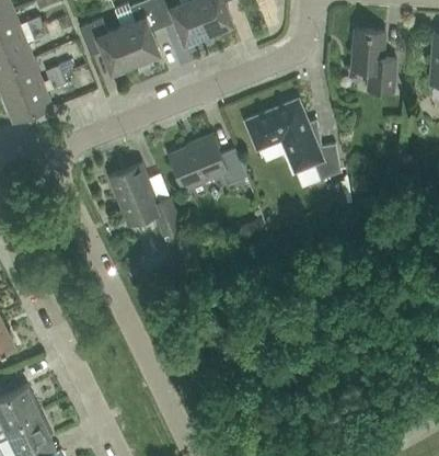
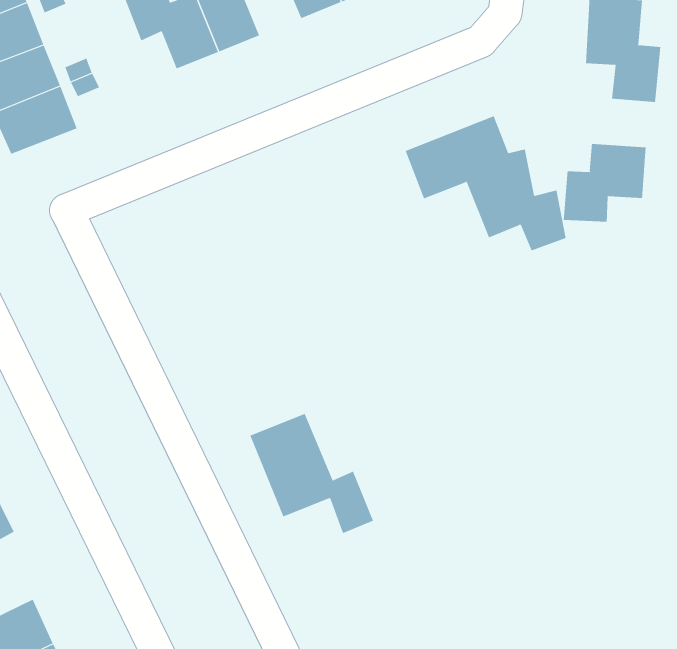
building: none -> [563,143,646,222]
building: [169,136,246,191] -> none
building: [108,164,182,236] -> [249,413,374,534]

